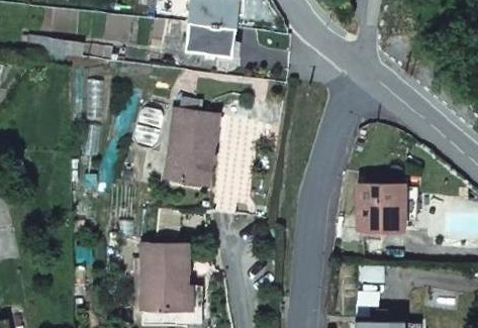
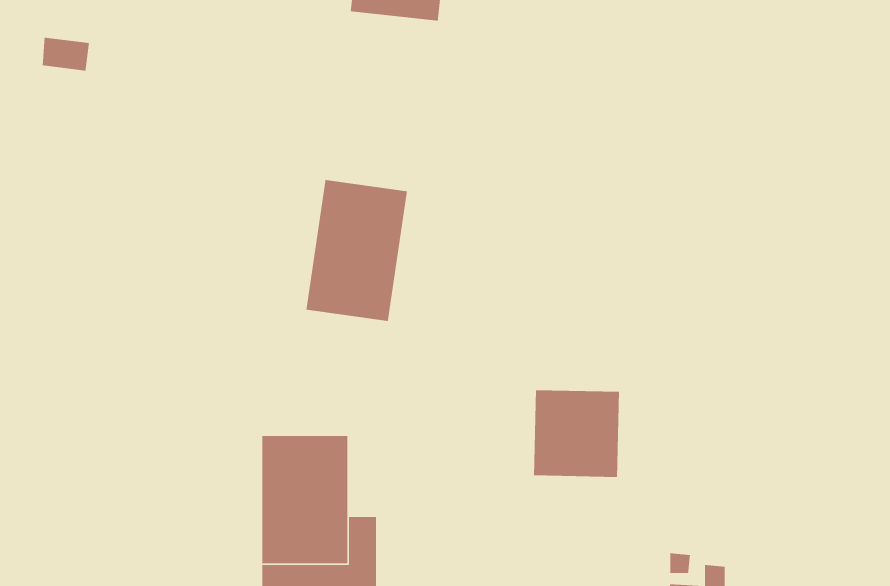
building: [185,22,234,56] -> none
building: [358,185,403,231] -> [533,389,620,478]

